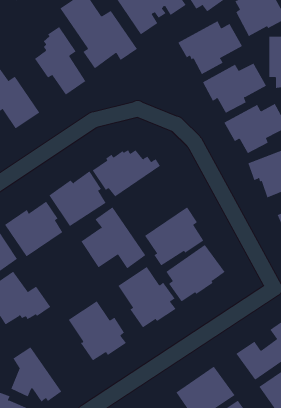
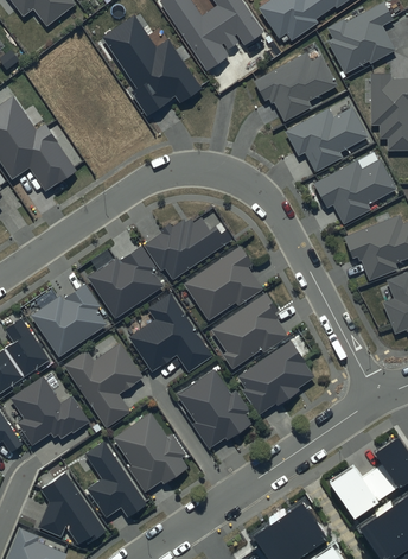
building: [34,26,86,95] -> none
building: none -> [183,246,263,320]
building: none -> [63,343,144,427]
building: none -> [84,440,147,517]

